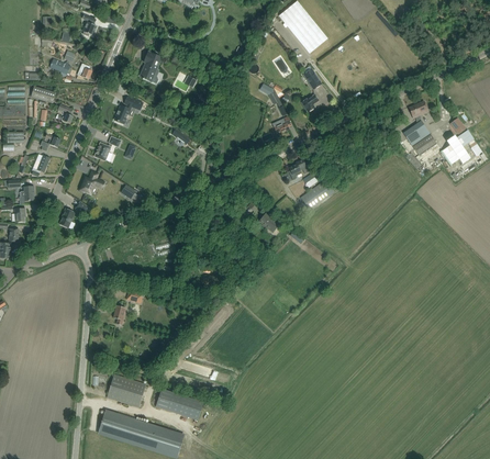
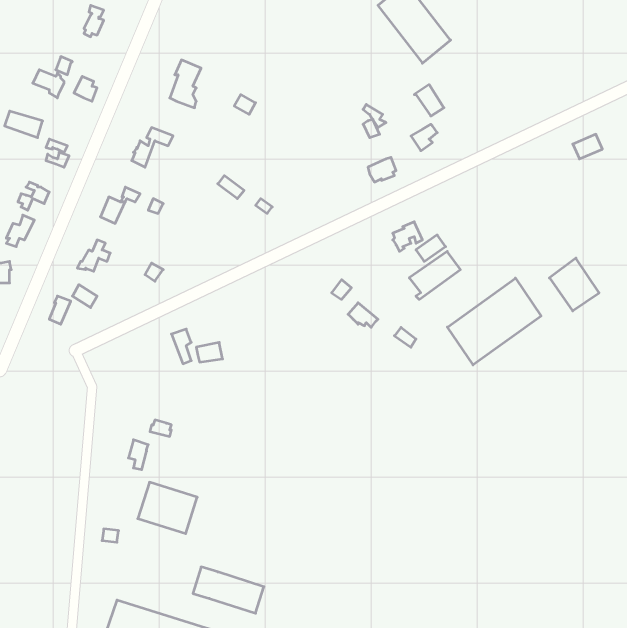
building: [403,120,436,155] -> [549,258,599,311]
building: none -> [447,278,541,365]
building: [107,373,146,407] -> [138,482,197,534]

